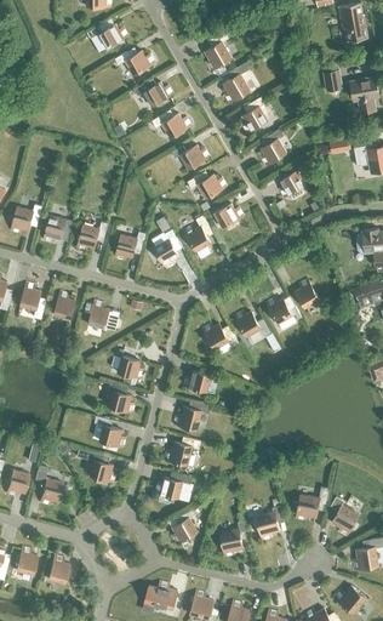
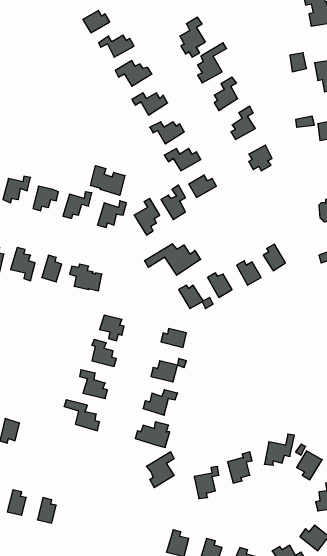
building: none -> [90,166,125,195]
building: none -> [145,244,201,275]
building: [34,466,62,506] -> none
building: [142,581,177,613] -> none

